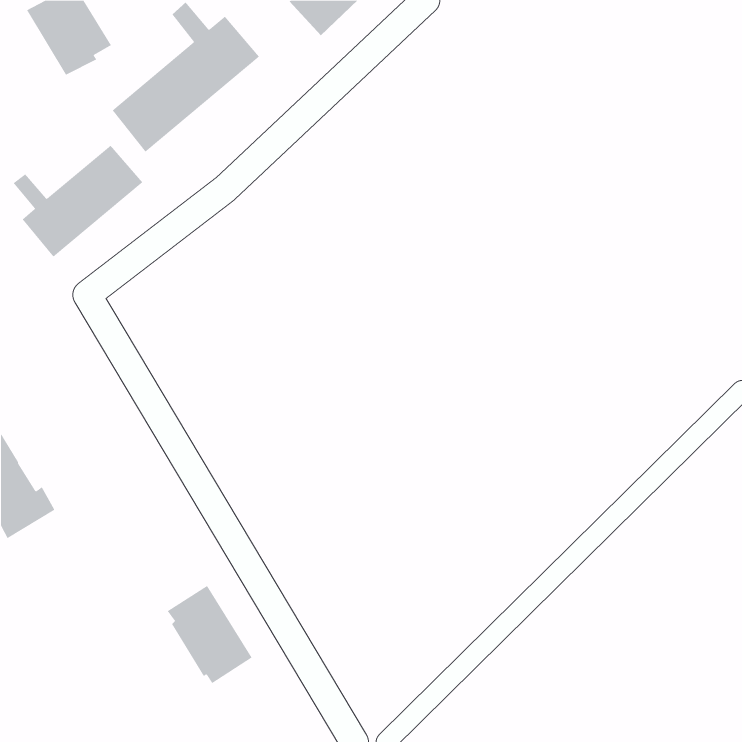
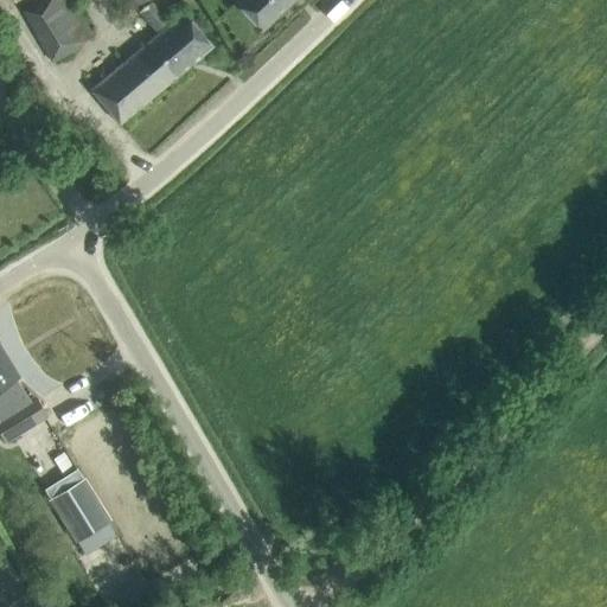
building: [13,145,143,258] -> none
building: [167,585,253,684] -> [44,468,114,549]

